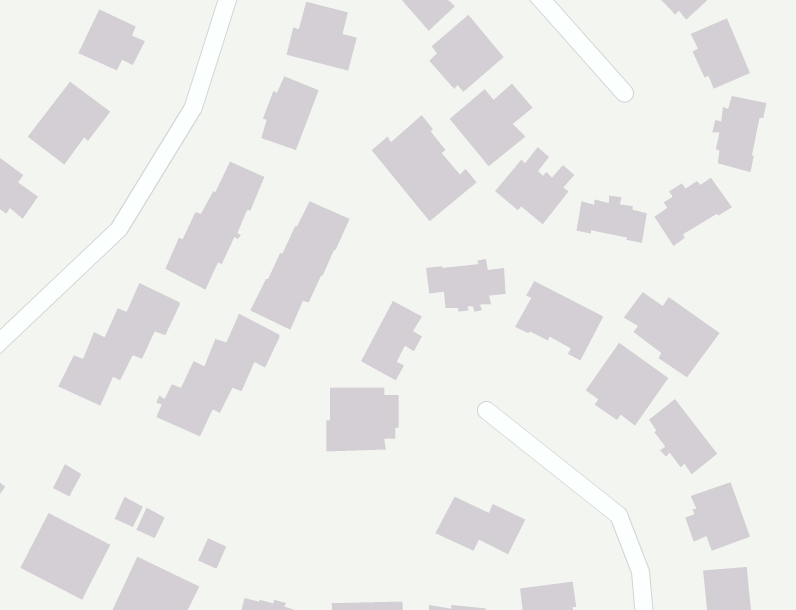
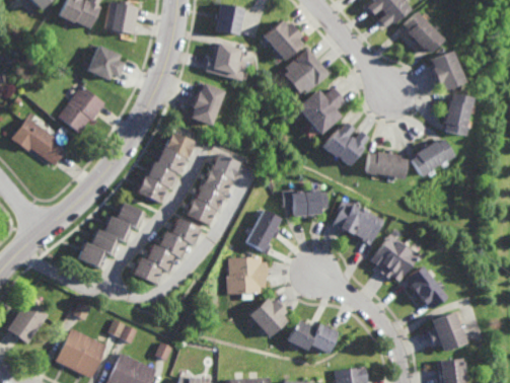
building: [370,114,478,223] -> none
building: [623,291,721,378] -> none
building: none -> [249,297,290,336]

